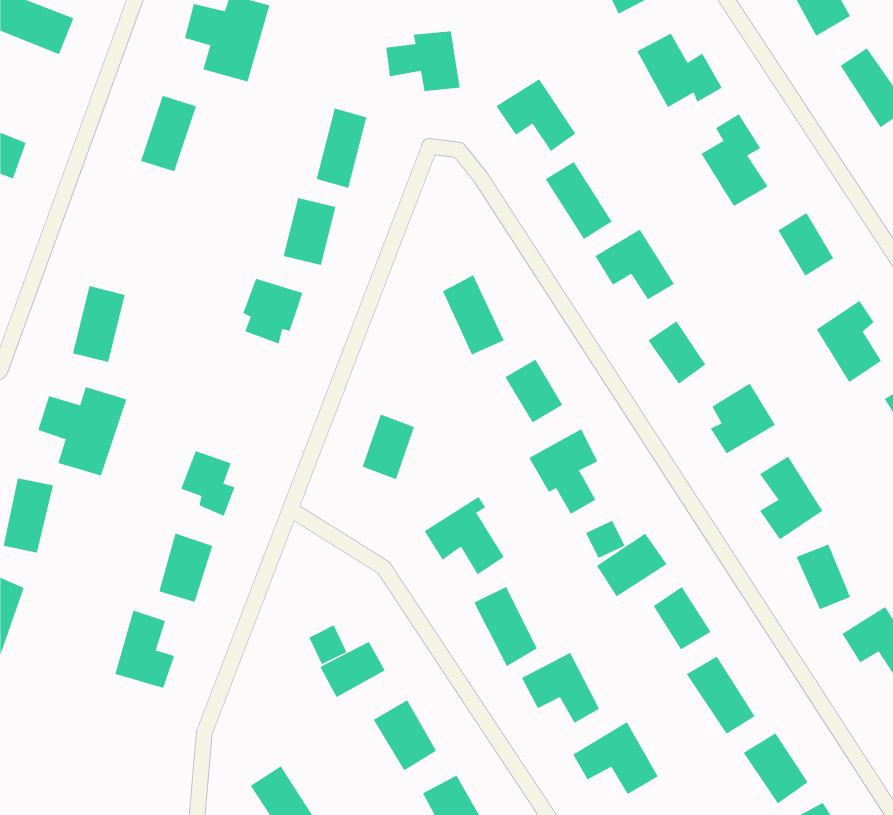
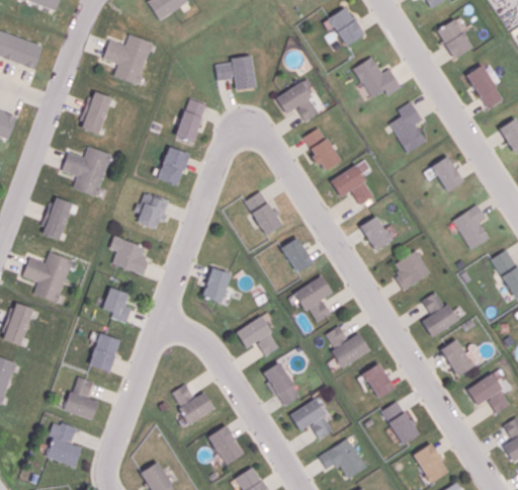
building: none -> [62,147,110,196]
building: none -> [108,236,150,275]
building: none -> [46,421,81,467]

